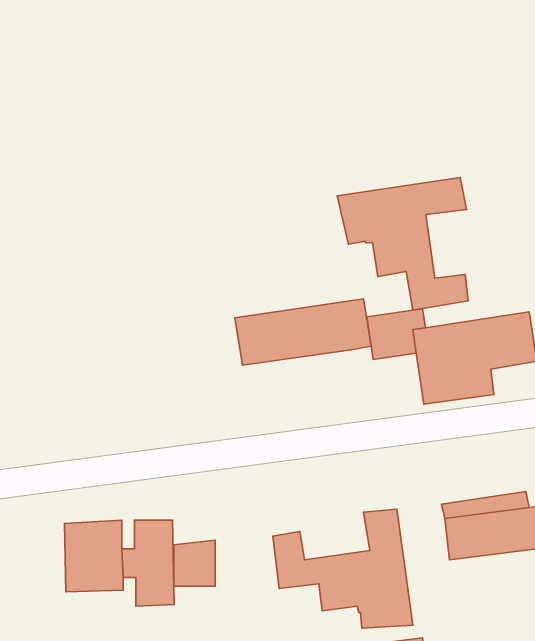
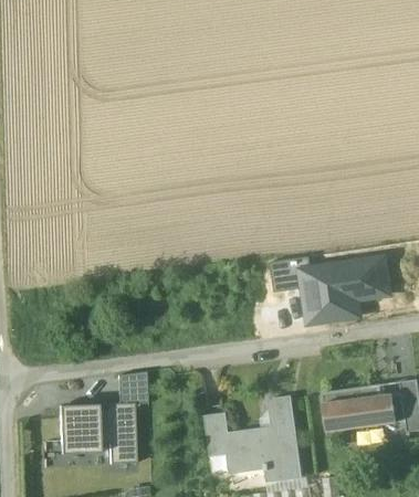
building: [337,177,468,310] -> none
building: [235,299,371,365] -> none
building: [174,540,215,586] -> [118,372,147,404]

